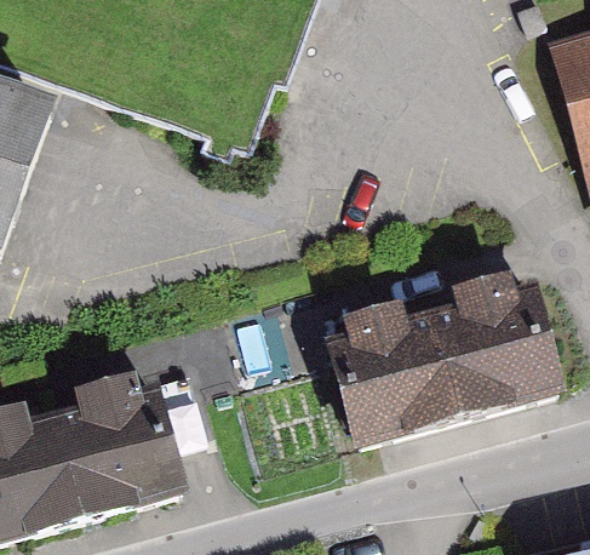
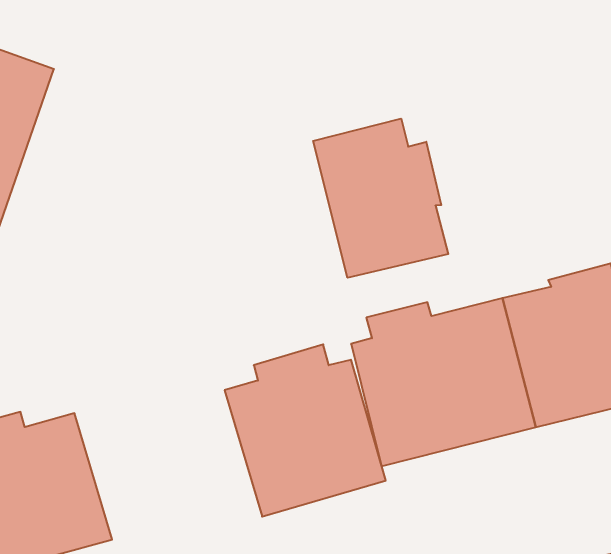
building: none -> [313,119,448,278]
building: [69,370,210,520] -> [225,344,386,517]

